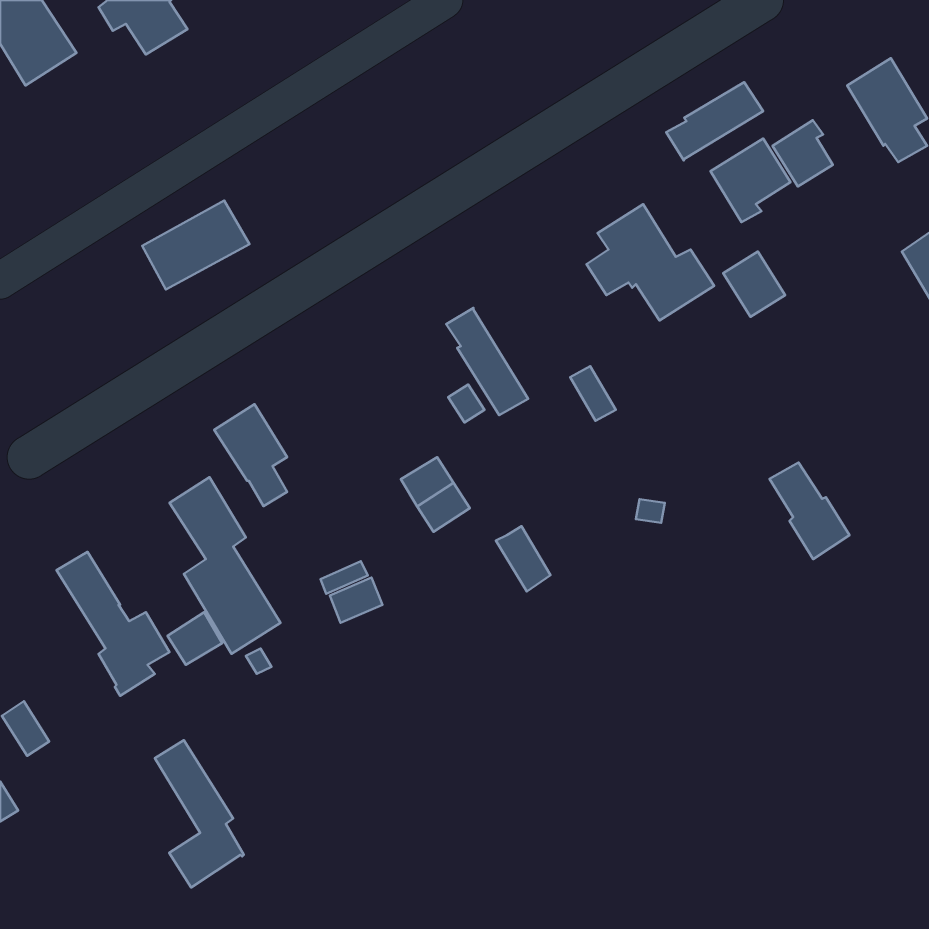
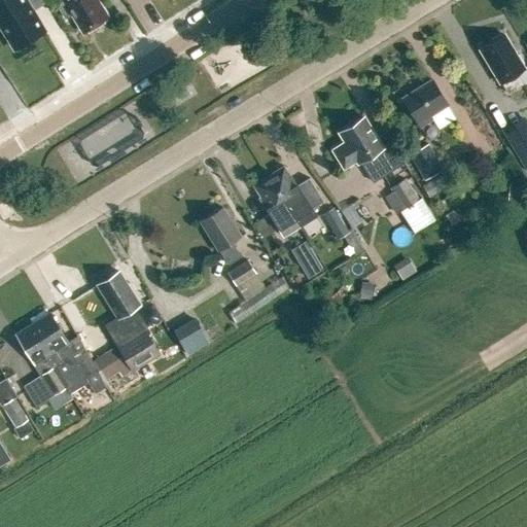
building: [666,82,763,160] -> none
building: [772,120,833,187] -> none
building: none -> [269,167,323,226]
building: [214,404,287,506] -> [200,207,241,265]
building: [769,462,849,559] -> [390,178,435,233]
building: [496,526,550,592] -> [292,242,323,279]
building: [155,740,244,888] -> [16,323,67,407]

